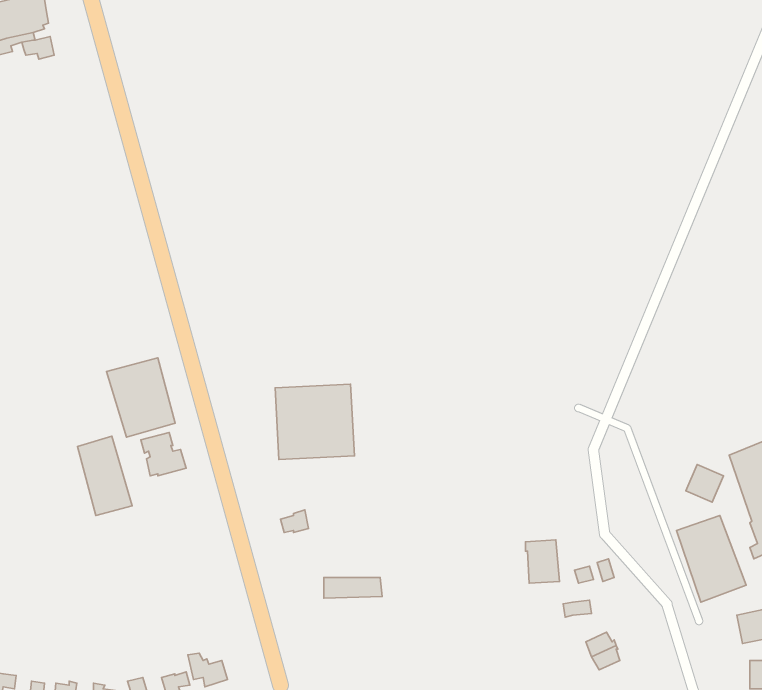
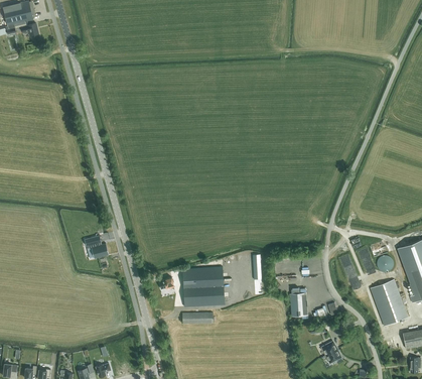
building: [107,358,175,437] -> none
building: [275,384,354,460] -> [182,266,225,306]
building: [78,436,132,516] -> none

